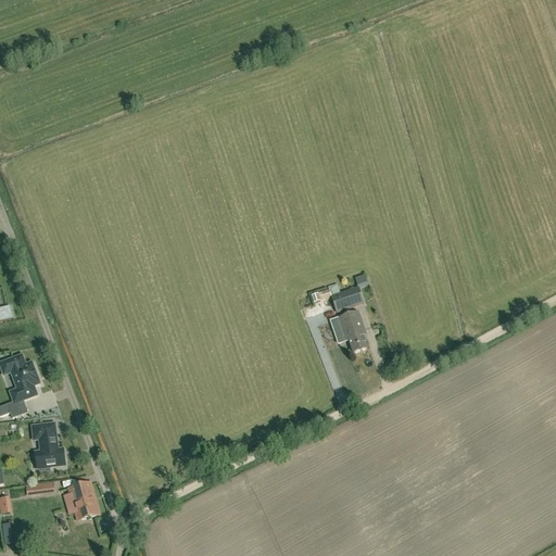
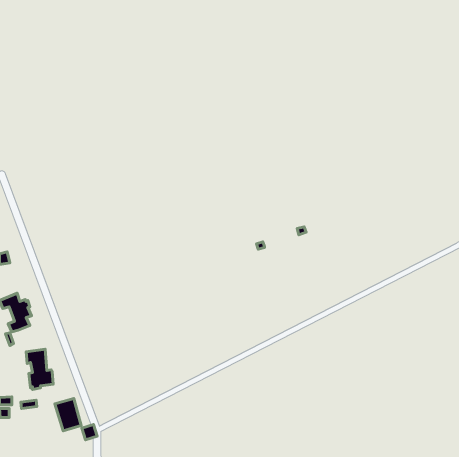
building: [330,287,362,311] -> none
building: [329,311,366,352] -> none

